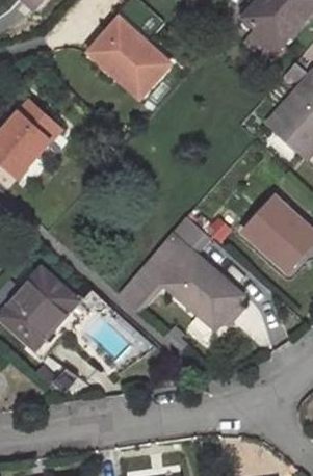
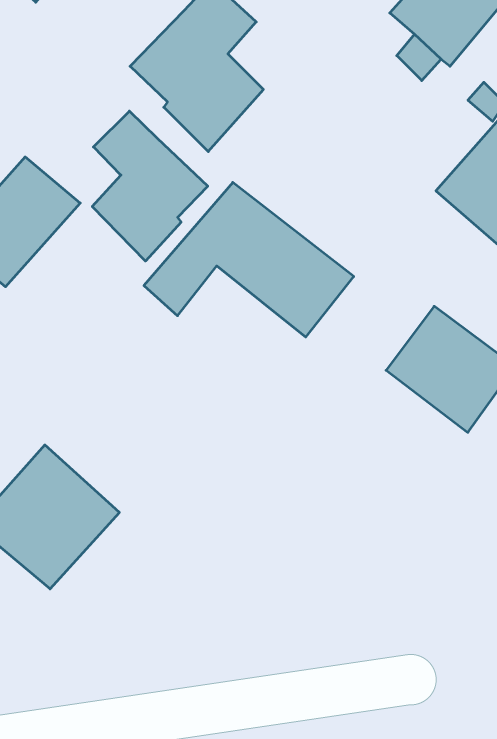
building: none -> [92,111,208,261]
building: [120,235,242,325] -> [144,182,354,337]

